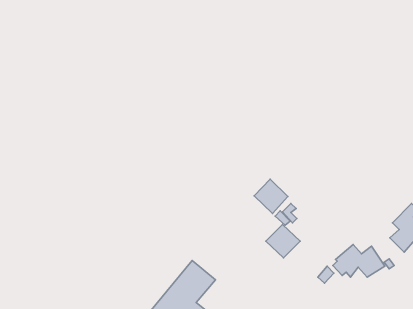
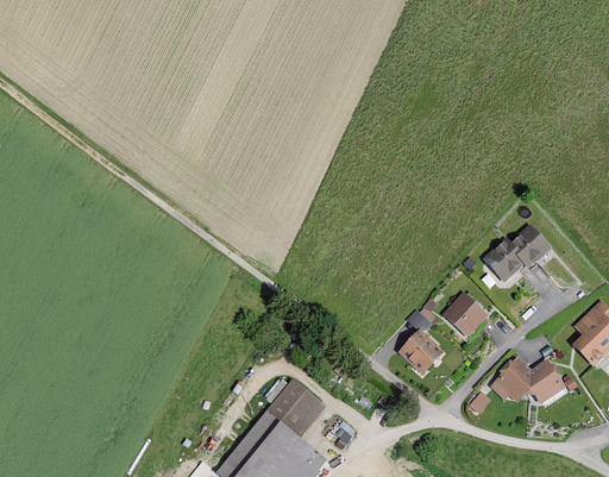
building: none -> [483,225,550,282]
building: [254,179,288,213] -> [441,290,489,339]

